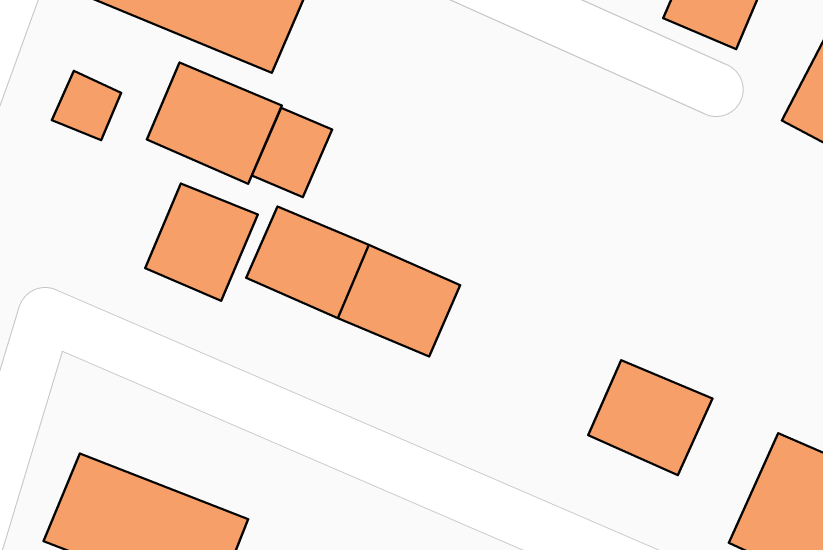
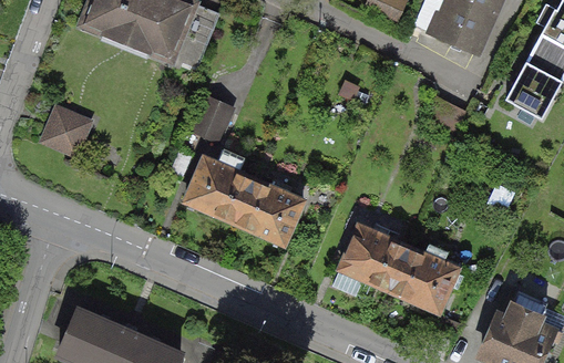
building: [147,63,282,184] -> none
building: [52,71,121,140] -> [45,114,88,156]
building: [145,183,258,301] -> none
building: none -> [334,222,408,292]

